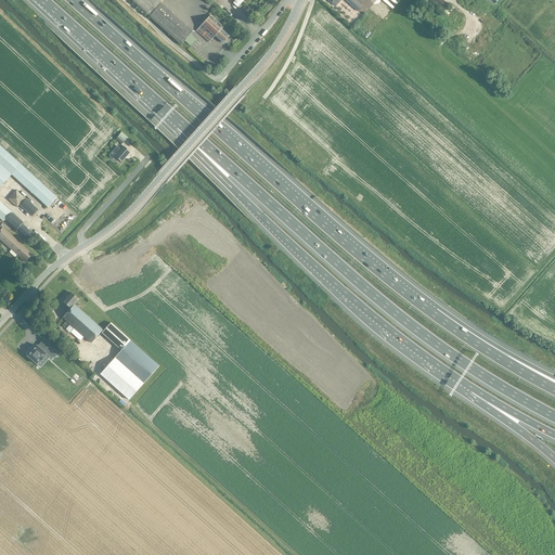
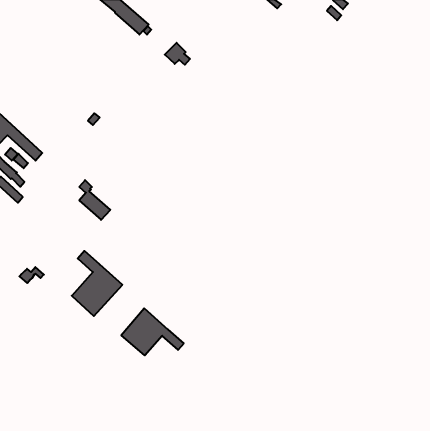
building: [194,14,227,42] -> [165,43,190,65]
building: [61,291,101,341] -> [79,180,110,220]
building: none -> [121,308,184,355]

